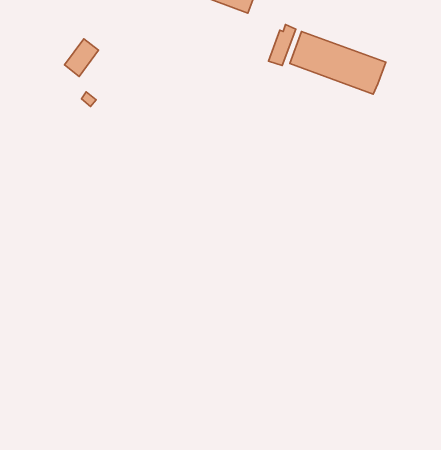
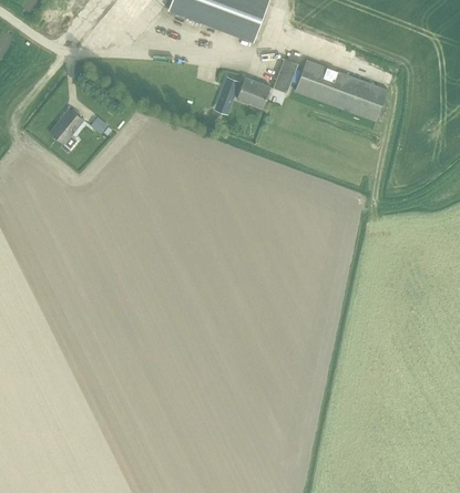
building: [64,39,99,76] -> [50,109,83,145]
building: none -> [216,76,269,109]

